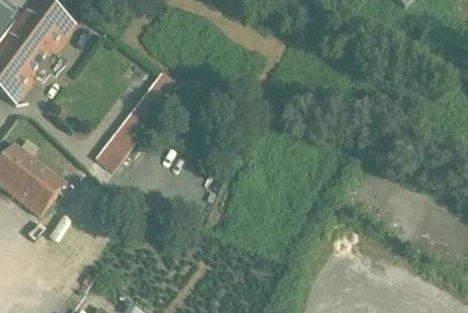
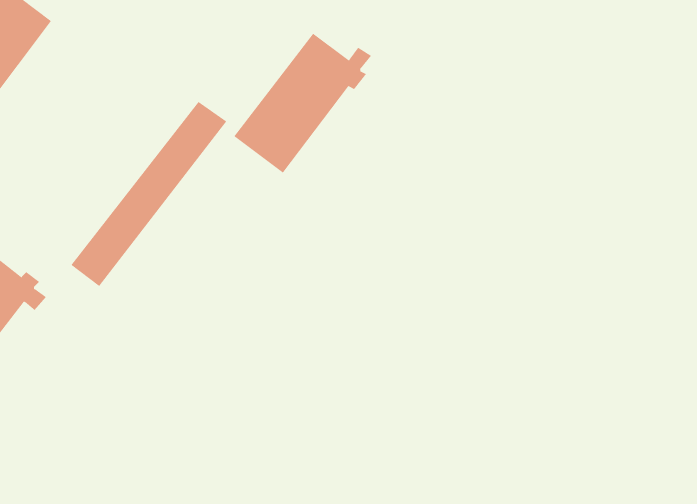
building: none -> [233,33,372,174]

